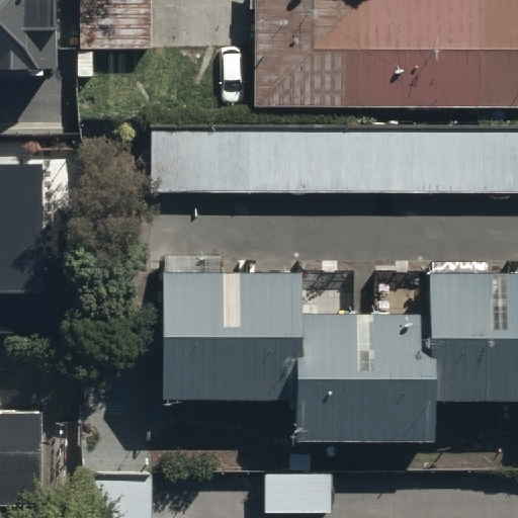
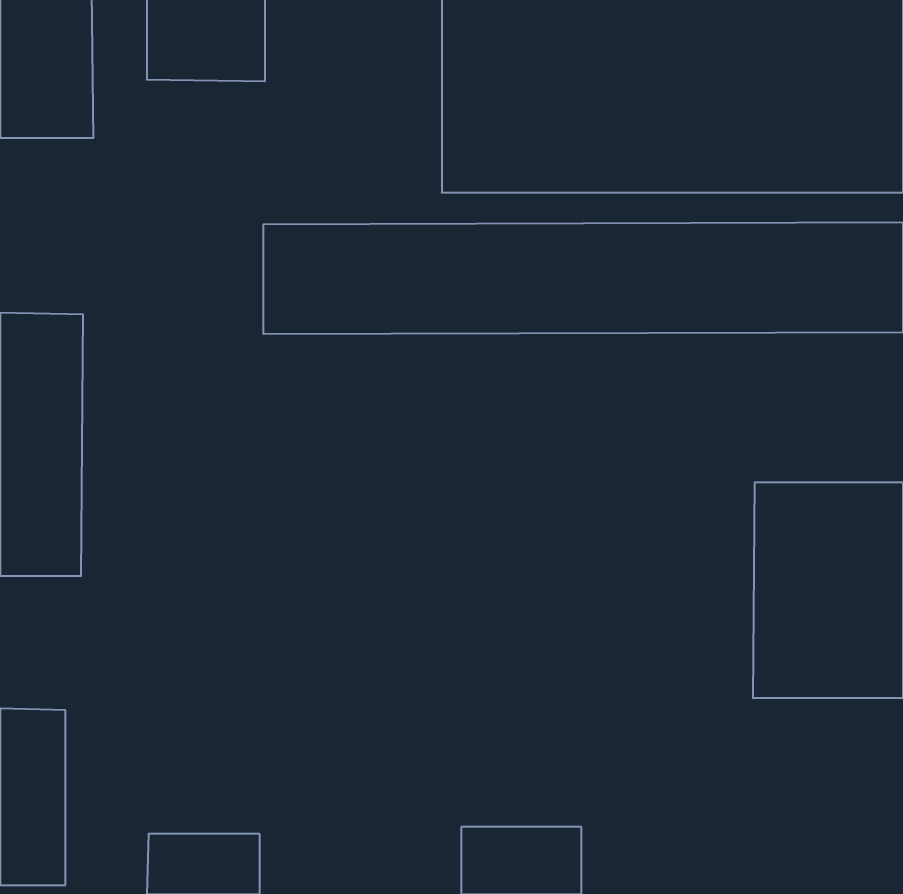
building: [161,275,291,400] -> none
building: [295,319,426,442] -> none

